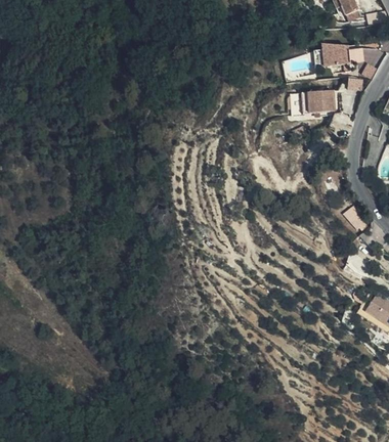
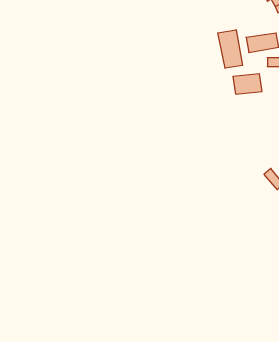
building: none -> [218,30,242,68]

